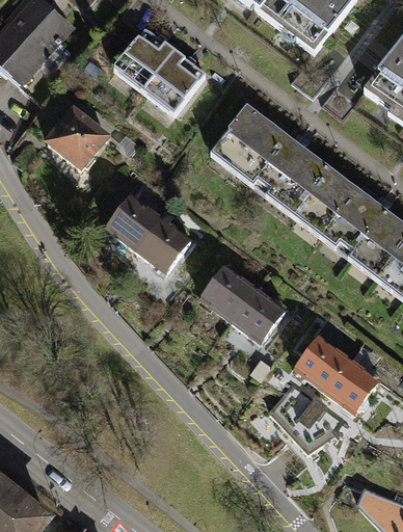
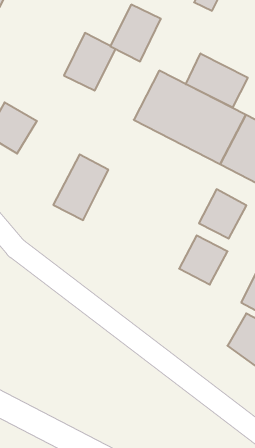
building: [114,30,173,92] -> [110,5,161,61]
building: none -> [186,53,248,107]
building: [137,218,189,271] -> none
building: [202,265,256,320] -> [199,189,246,239]

